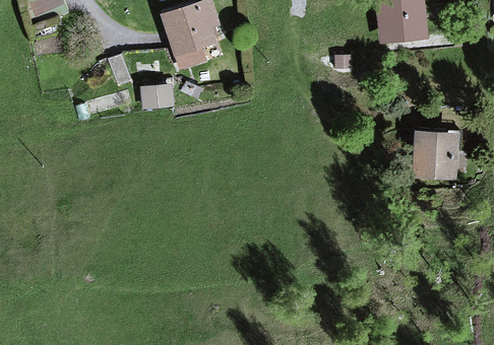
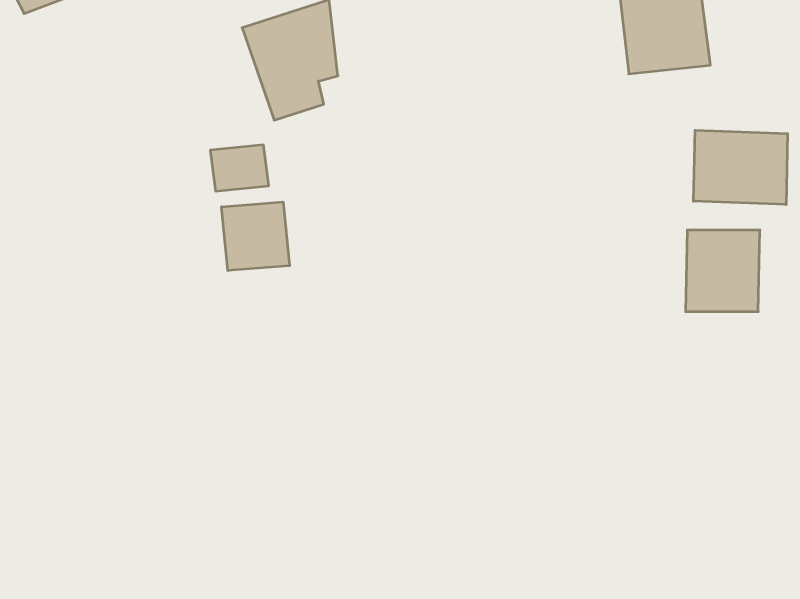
building: none -> [693,130,788,205]
building: none -> [222,202,290,271]

